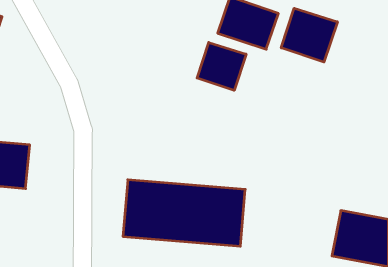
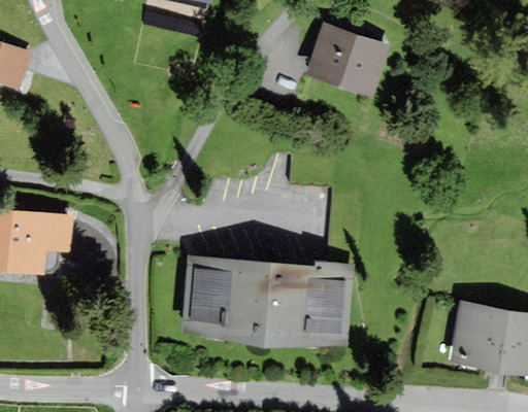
building: [281,8,337,62] -> none
building: [197,42,246,90] -> none

